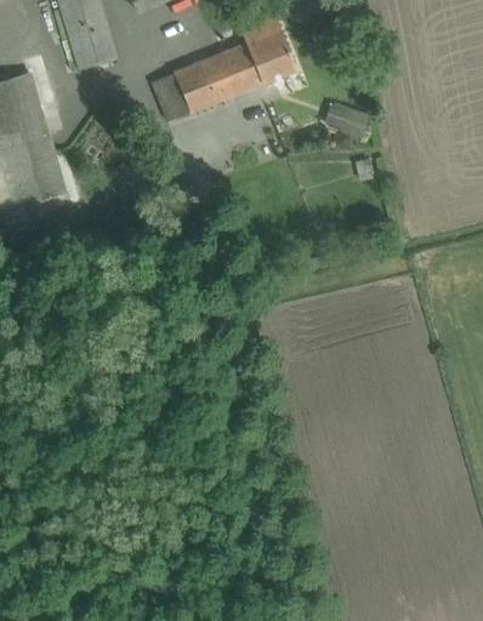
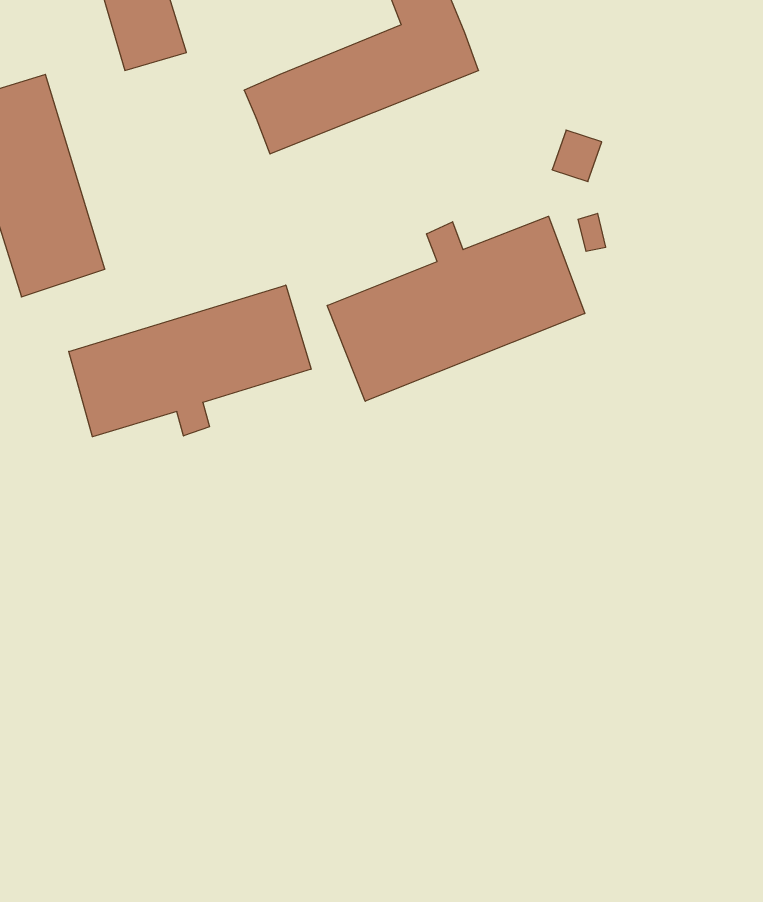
building: none -> [327,216,585,401]
building: none -> [69,285,311,437]

